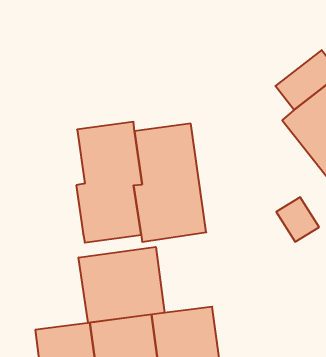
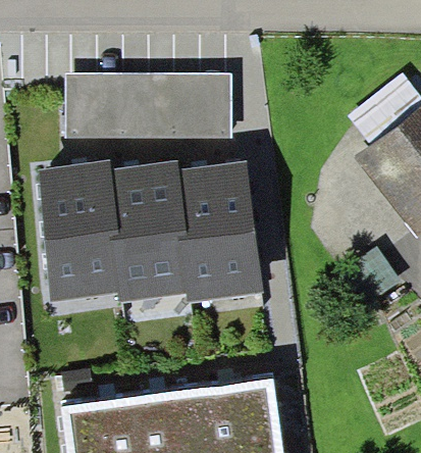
building: none -> [65,71,231,137]
building: none -> [36,159,120,301]
building: [79,247,165,323] -> none

